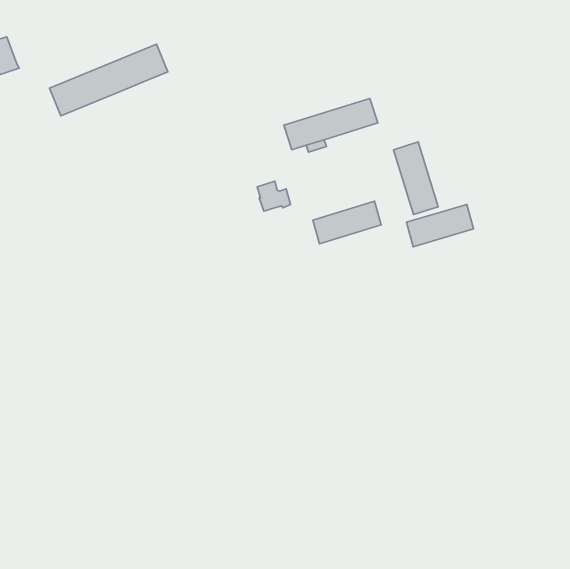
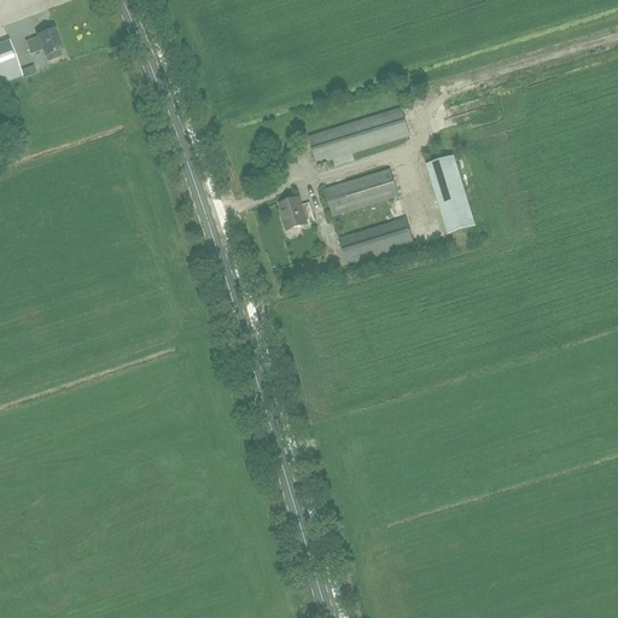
building: none -> [24,27,62,60]
building: [50,44,168,116] -> none
building: [406,204,473,247] -> [323,168,396,214]

